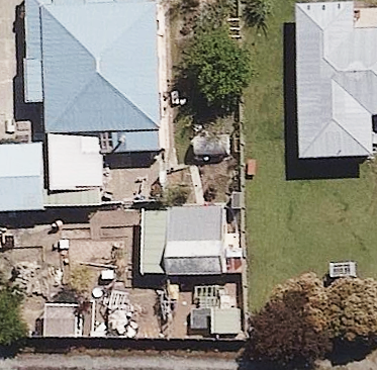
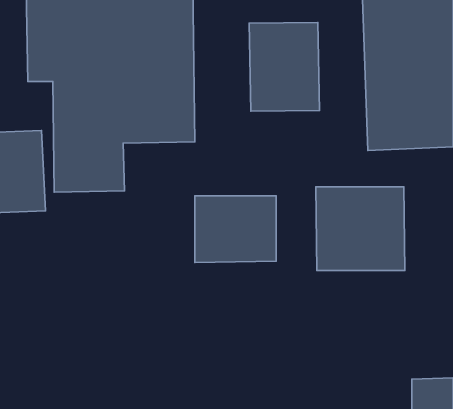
building: none -> [249,22,320,111]
building: none -> [316,187,405,271]

